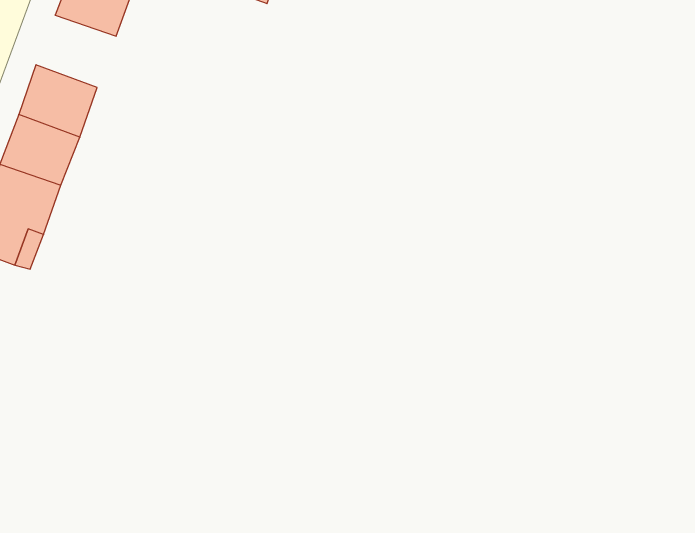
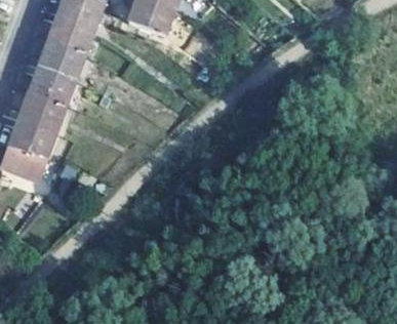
building: none -> [41,39,84,78]

